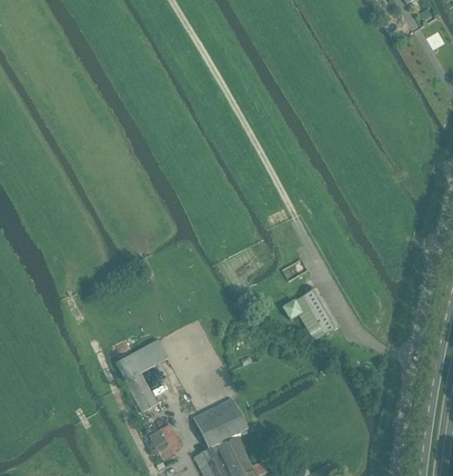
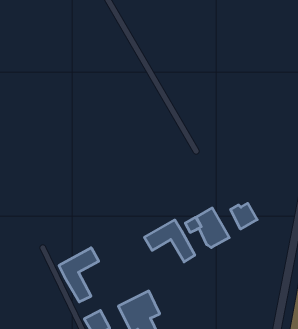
building: none -> [231,203,257,229]
building: none -> [145,220,195,262]

